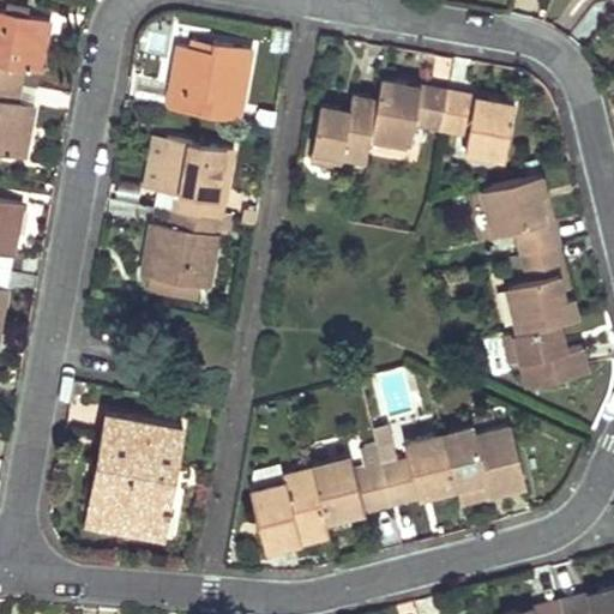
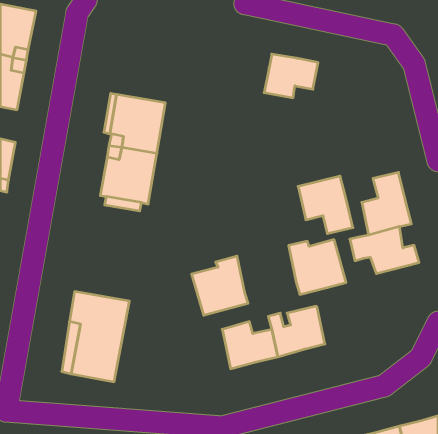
building: [167,43,249,124] -> none
building: [438,94,512,161] -> none
building: [309,97,377,169] -> none
building: [481,175,558,255] -> [298,176,353,234]
building: [444,427,524,504] -> [289,240,346,294]
building: [248,470,327,553] -> [192,256,248,315]

